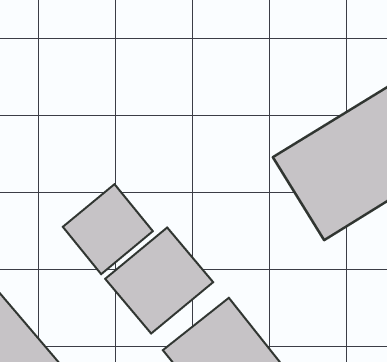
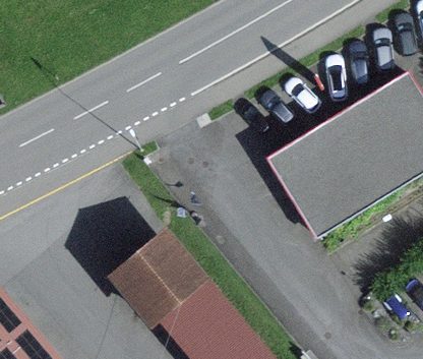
building: [63,184,153,274] -> none

